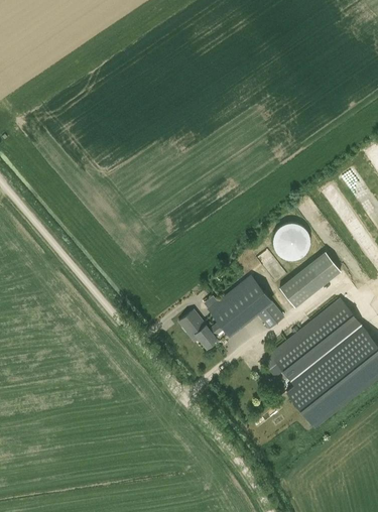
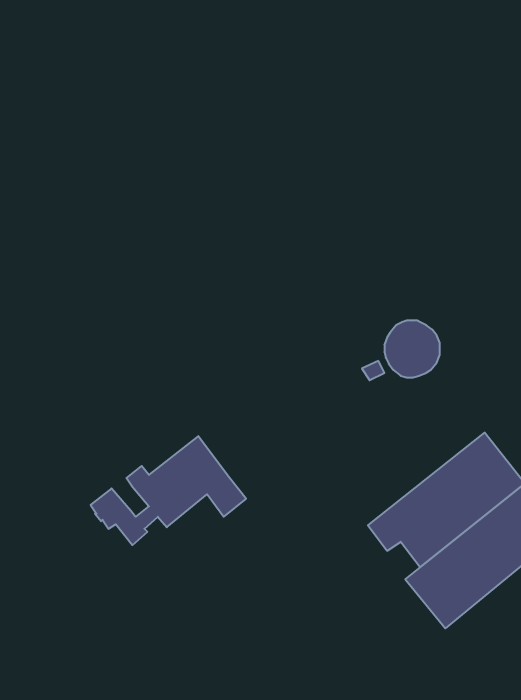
building: [279,252,341,308] -> none
building: [178,275,283,349] -> [91,436,246,545]

